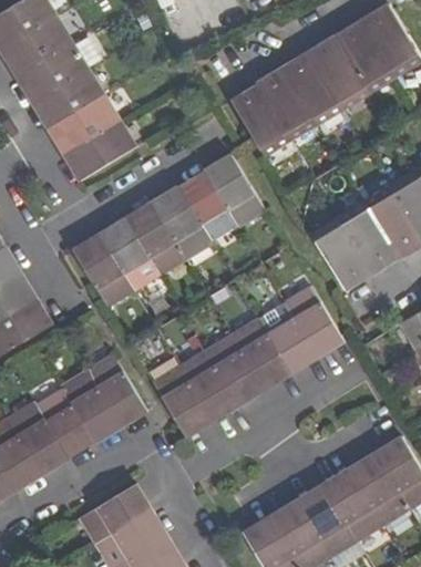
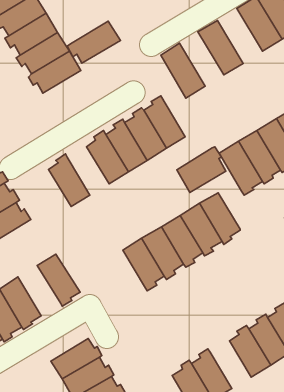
building: [308,35,370,111] -> none
building: [256,68,317,142] -> none
building: [64,121,137,178] -> [67,21,120,63]
building: [102,219,160,291] -> none
building: none -> [177,147,226,192]
building: [86,355,145,427] -> none
building: [147,358,209,439] -> none
building: [34,388,93,460] -> none
building: [298,486,355,556] -> none

